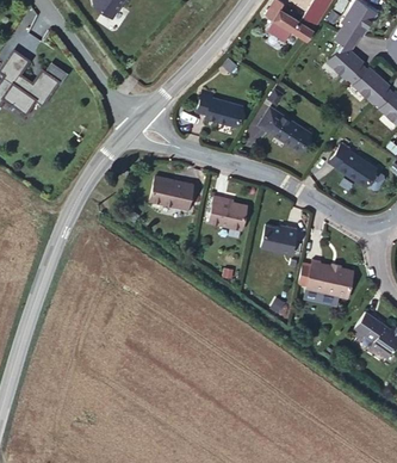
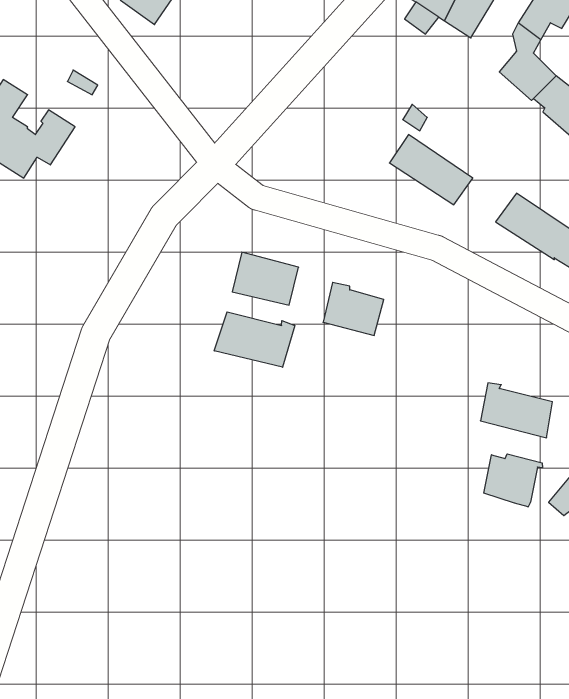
building: [192,87,237,124] -> none
building: none -> [214,312,295,367]
building: [265,222,304,255] -> none
building: none -> [484,454,542,507]

